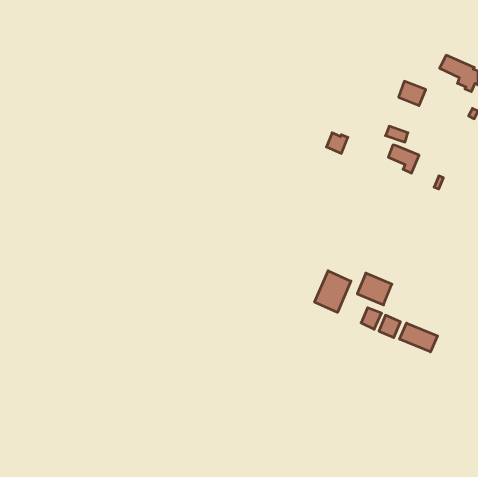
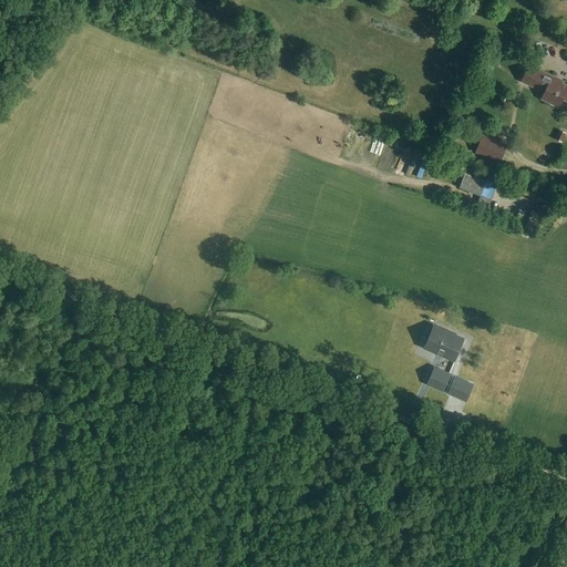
building: [399,81,426,106] -> [475,134,507,163]
building: [315,271,351,312] -> none
building: [400,323,438,352] -> none

